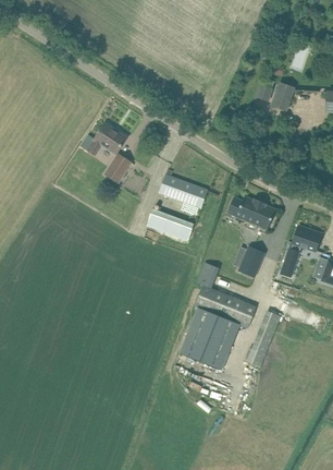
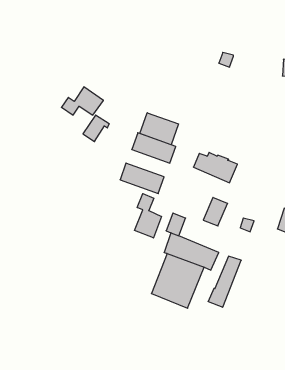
building: [270,81,294,110] -> none
building: none -> [140,113,179,145]
building: [289,227,320,254] -> none
building: none -> [134,194,161,238]

